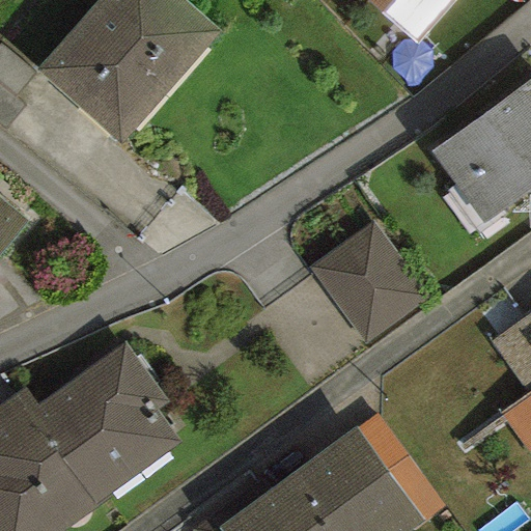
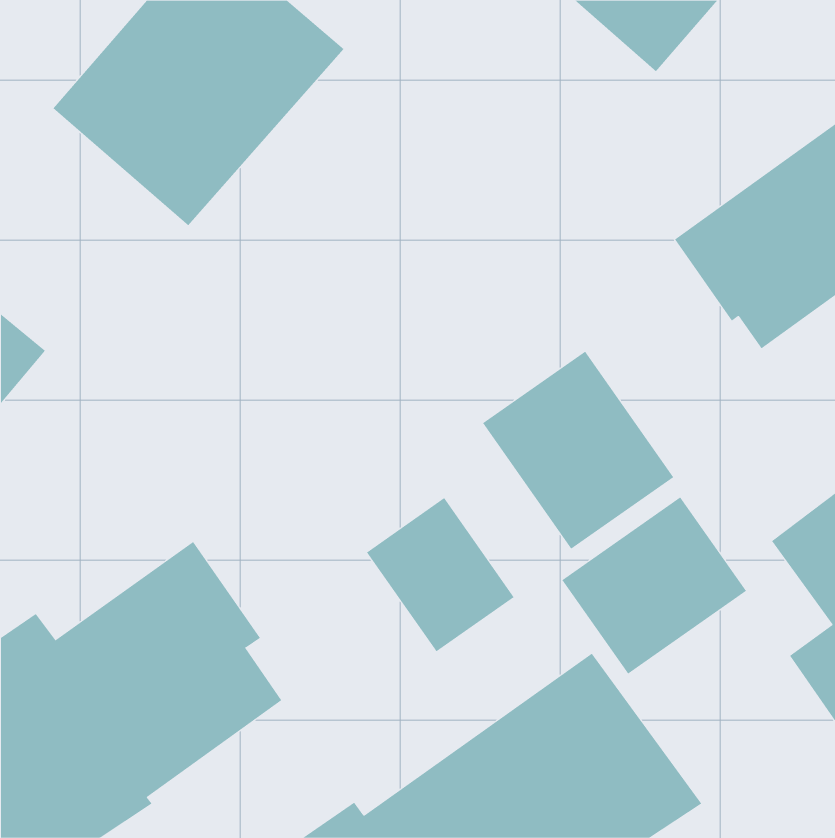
building: none -> [561,497,747,675]
building: none -> [366,497,514,652]

